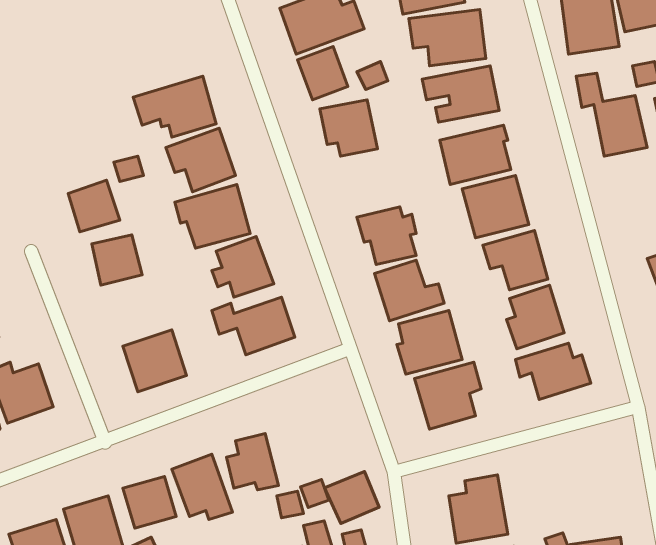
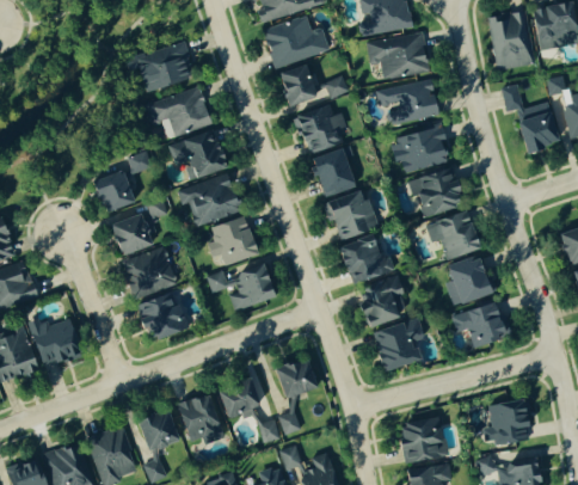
building: none -> [127,43,195,93]
building: none -> [310,148,356,197]
building: none -> [118,244,179,301]
building: none -> [492,401,531,443]
building: [324,472,379,524] -> [273,358,318,400]

